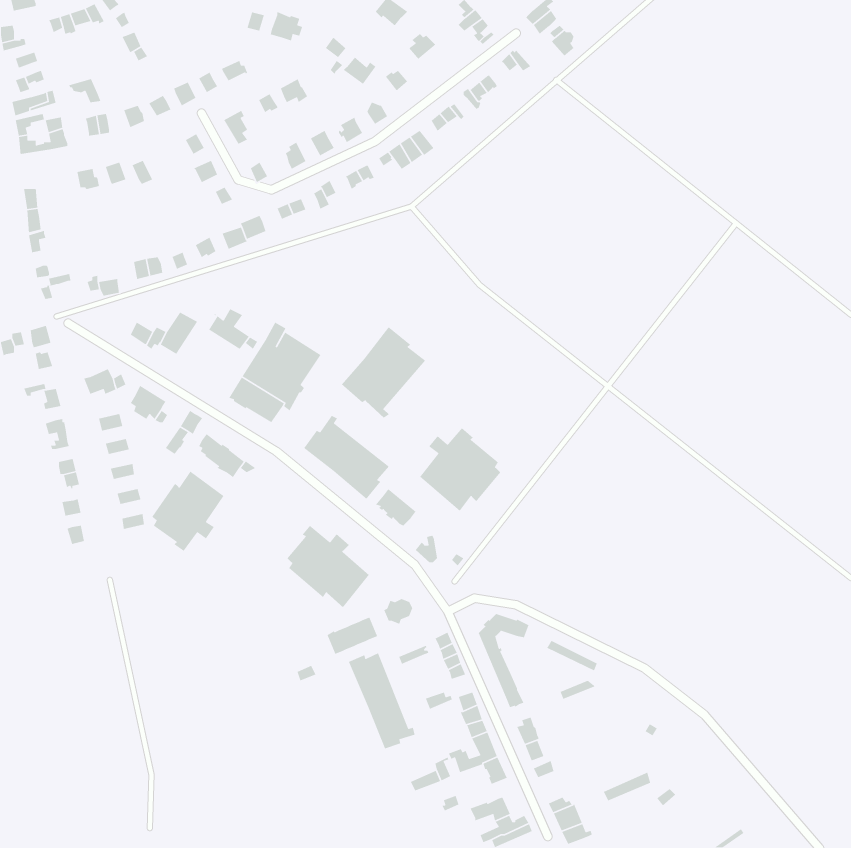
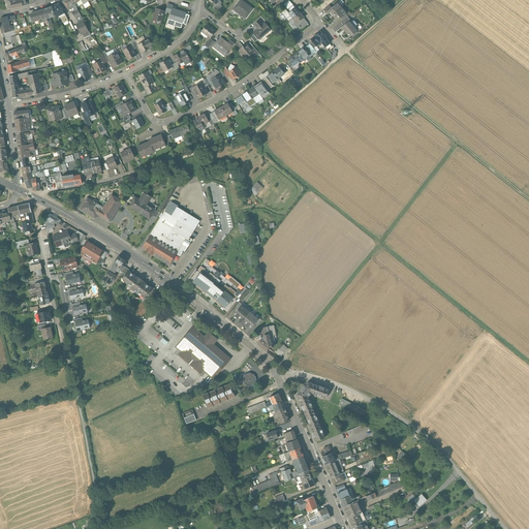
building: [341,326,426,418] -> none
building: [419,427,501,512] -> none
building: [151,470,224,552] -> none
building: [348,652,416,749] -> none

